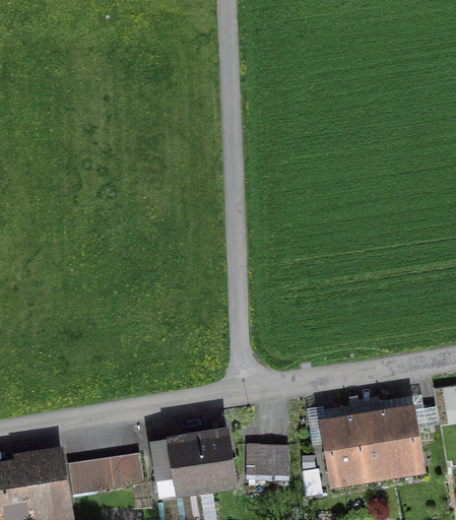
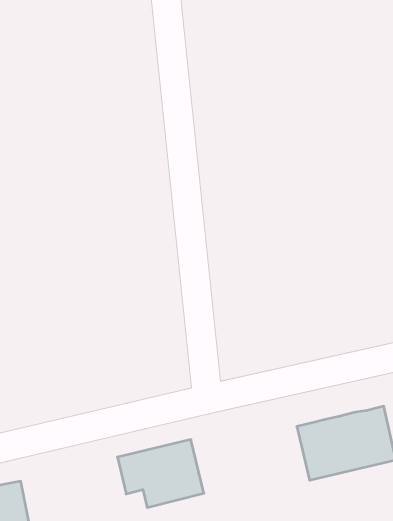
building: [250,445,287,473] -> none
building: [67,452,144,494] -> none

